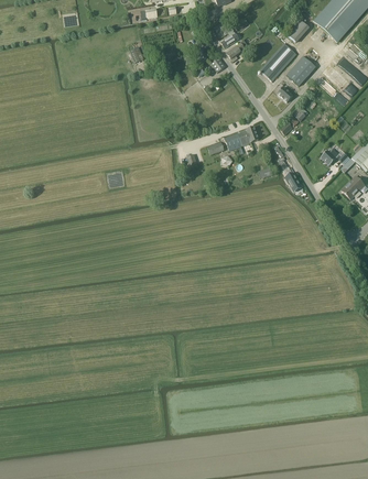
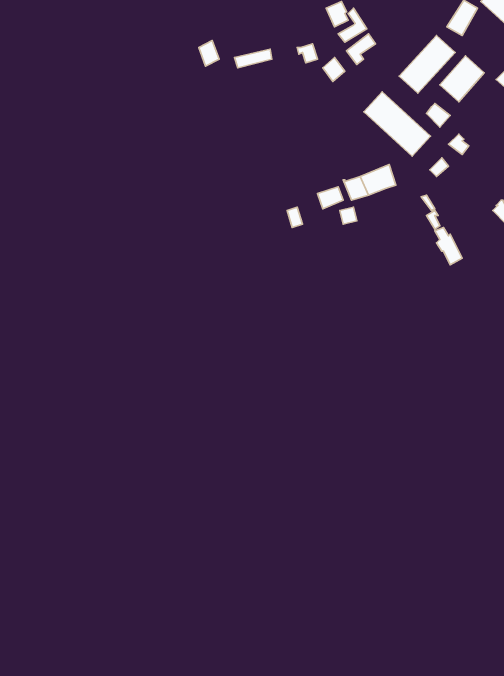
building: none -> [364,92,431,156]

